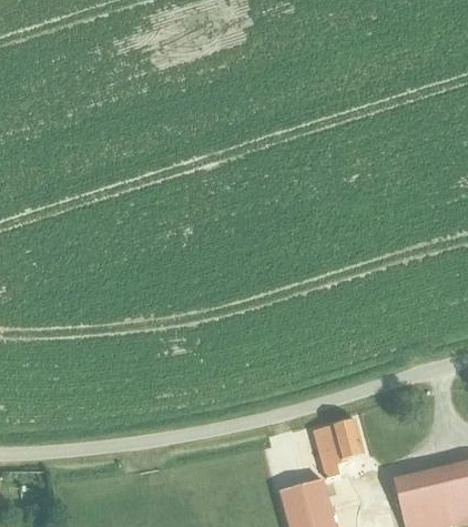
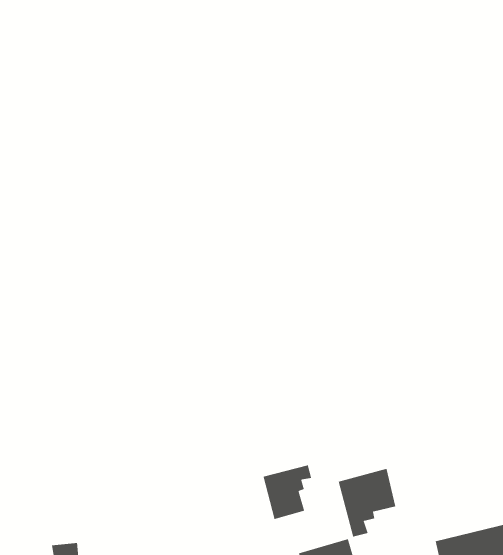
building: none -> [263,464,312,520]

